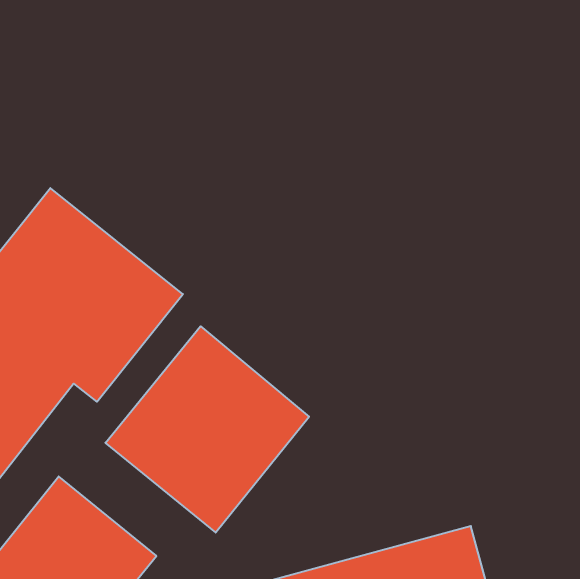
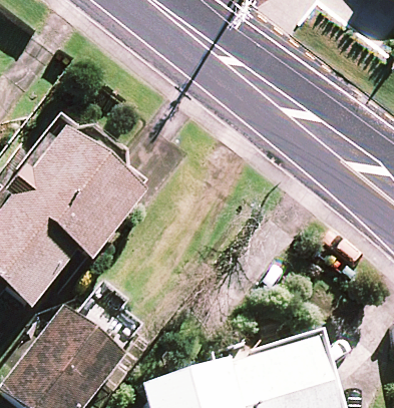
building: [105,326,309,533] -> none

